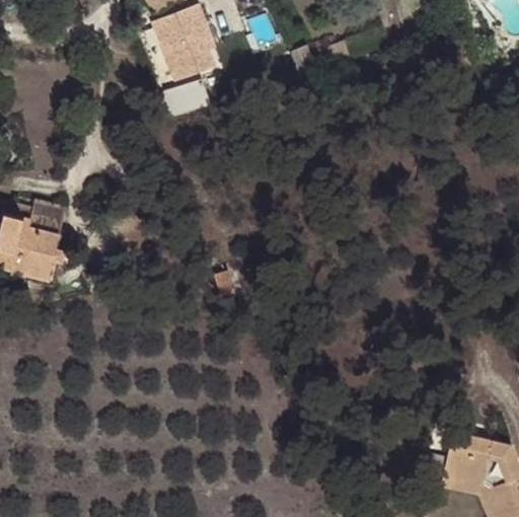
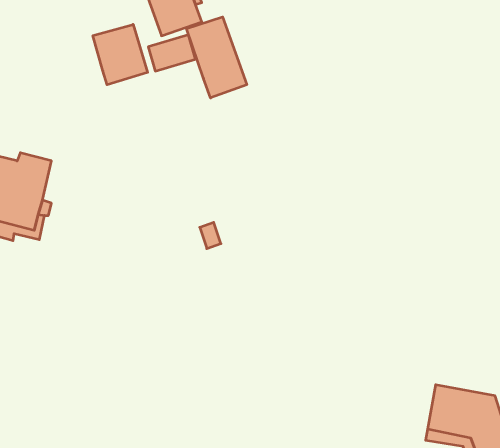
building: none -> [186,17,247,98]
building: none -> [93,24,148,85]

